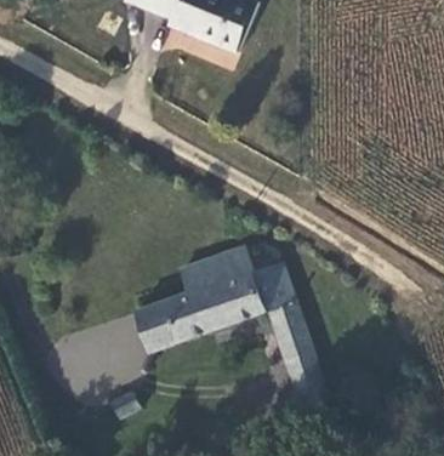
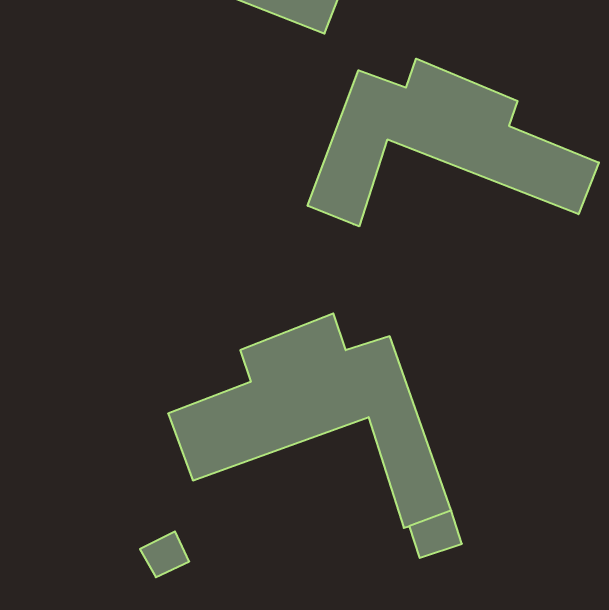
building: none -> [308,59,599,226]

